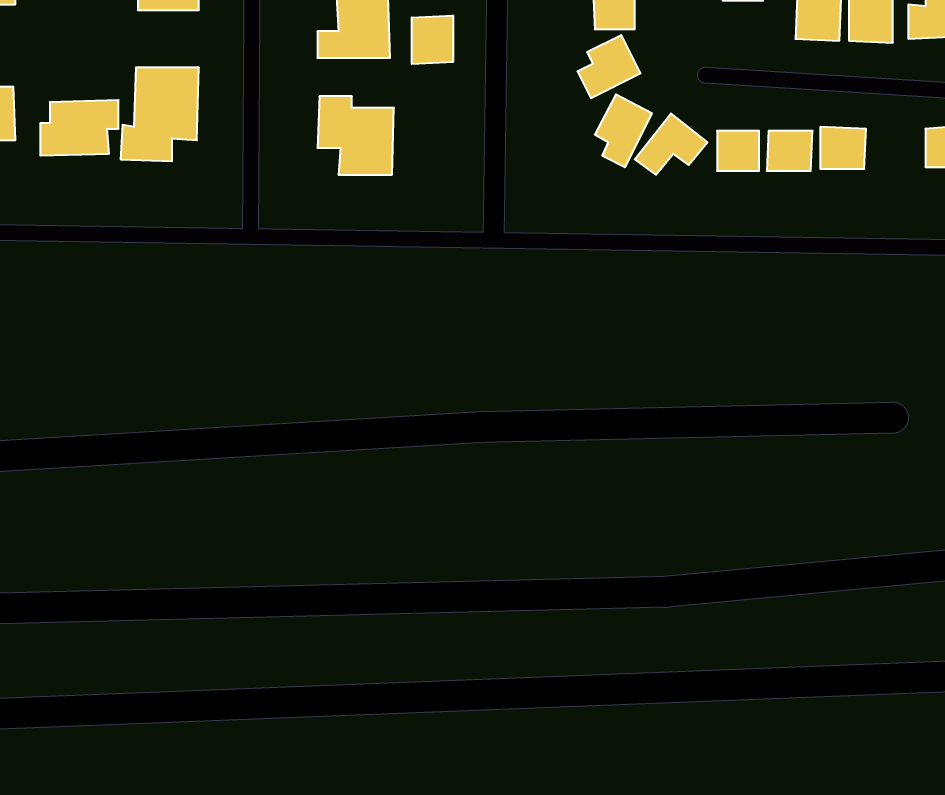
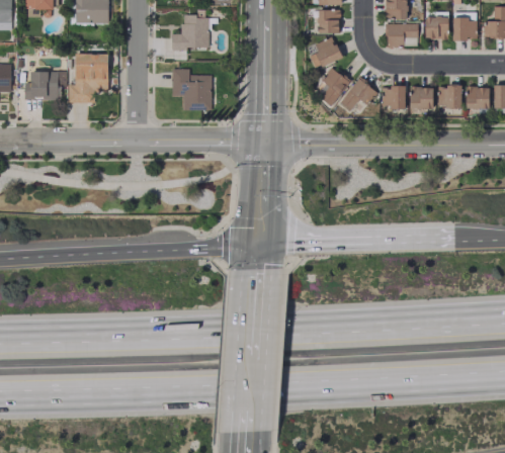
building: none -> [386,23,417,47]
building: [412,15,453,64] -> none
building: none -> [466,87,489,108]

